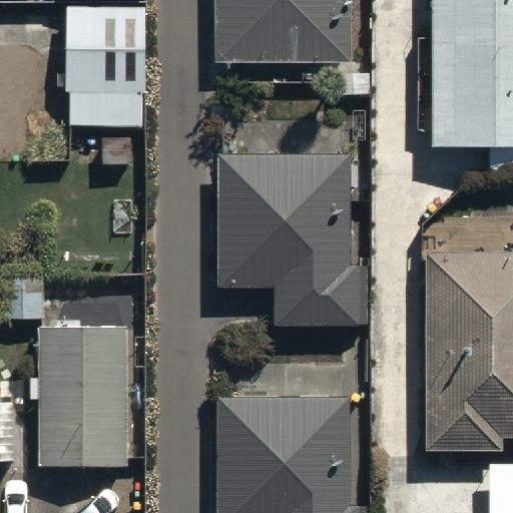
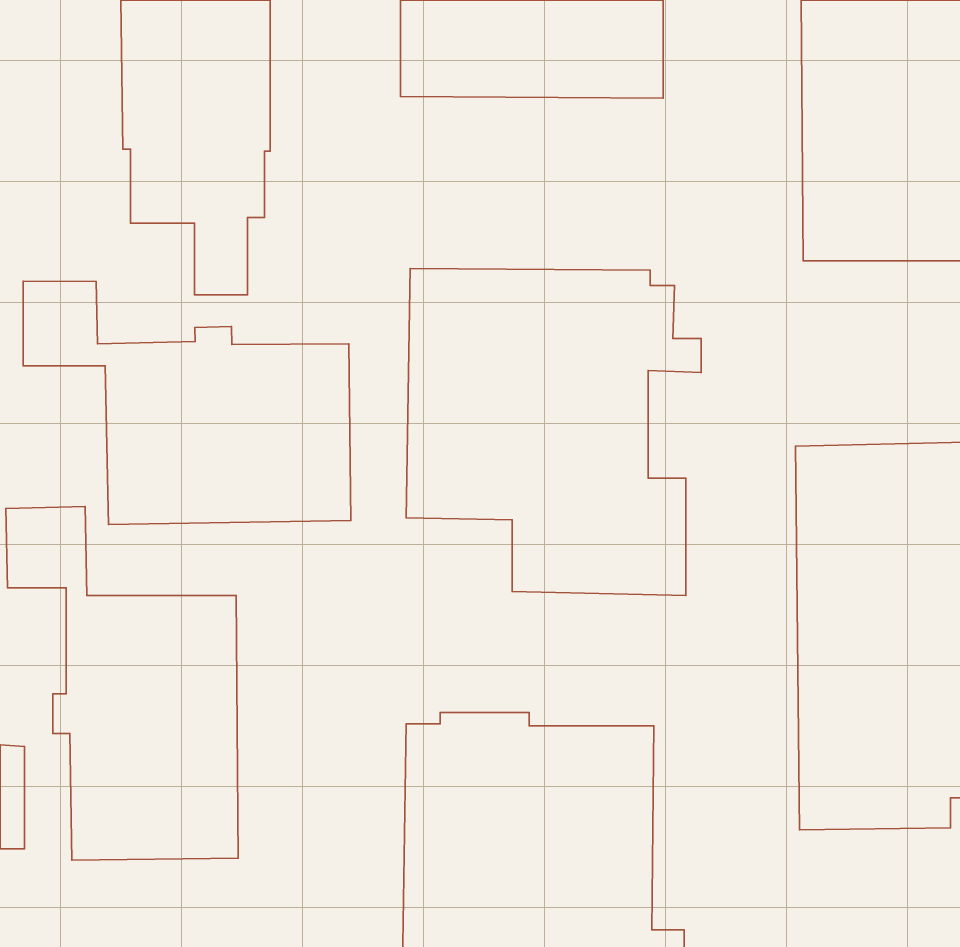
building: none -> [23,281,351,525]

